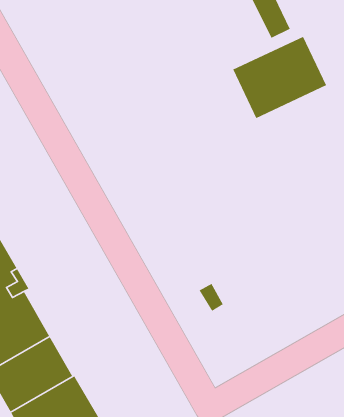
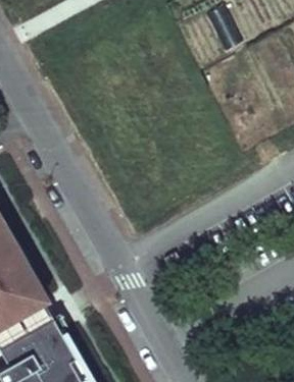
building: [232,36,327,119] -> none

